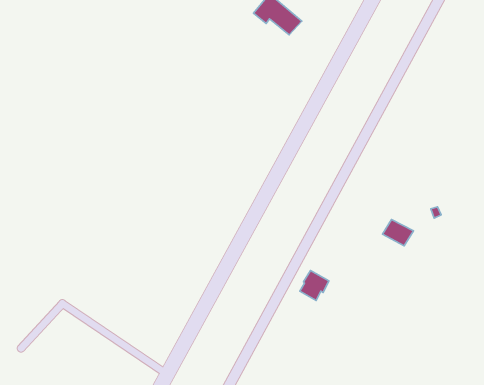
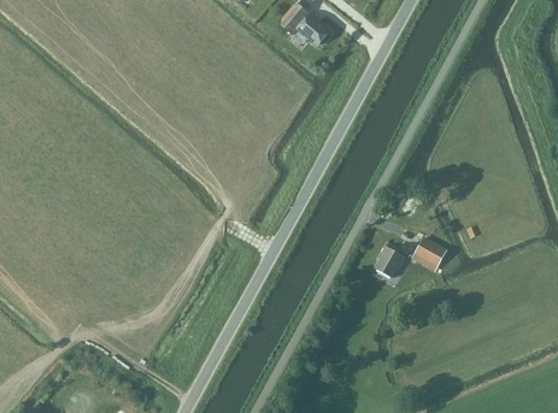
building: [300,270,329,300] -> [376,247,406,278]

